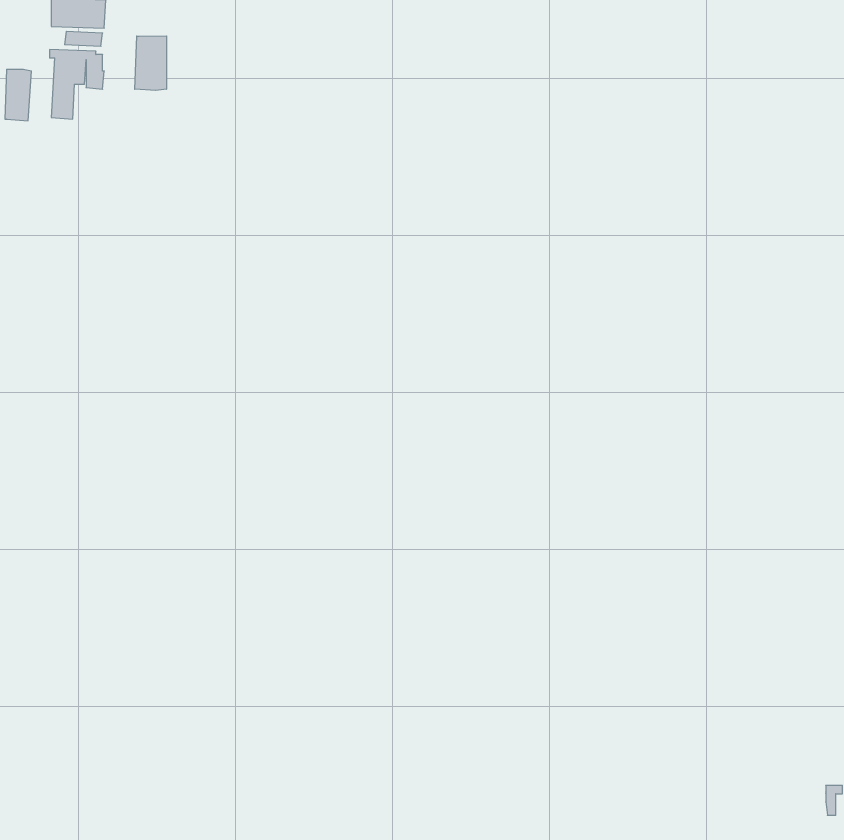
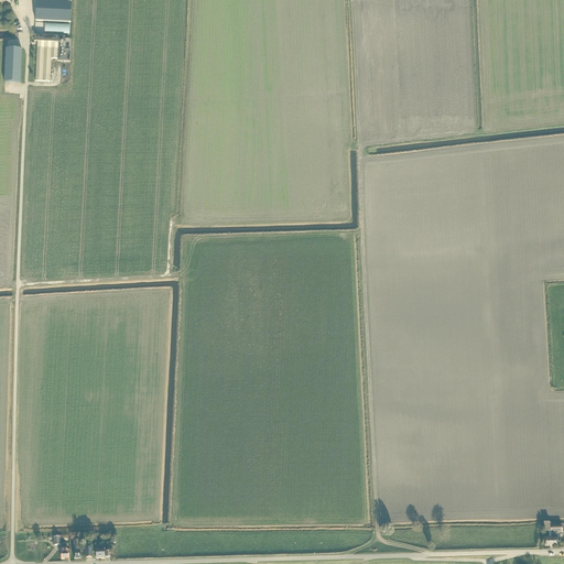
building: [135,36,166,90] -> none

